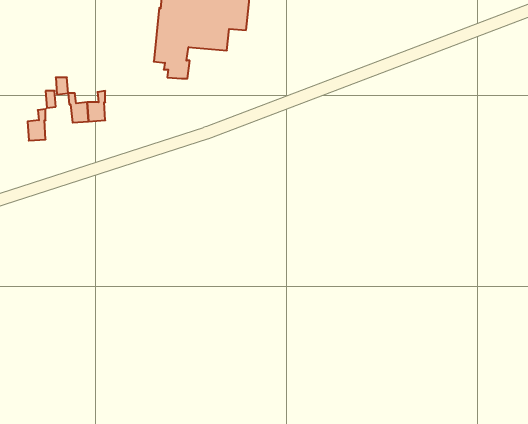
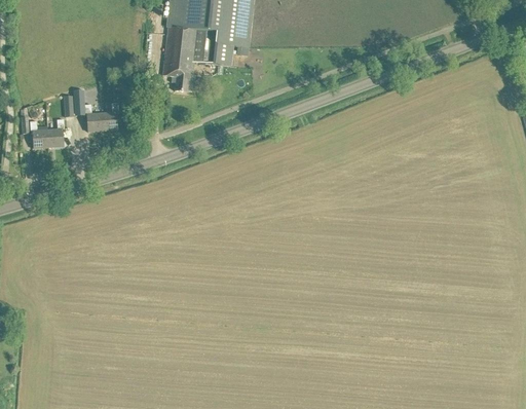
building: none -> [29,120,47,148]

